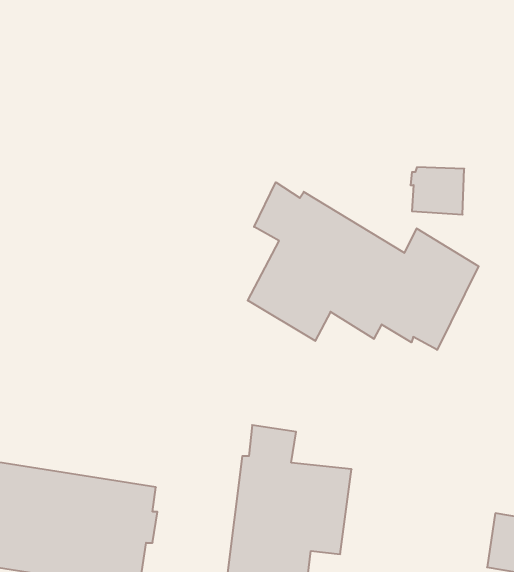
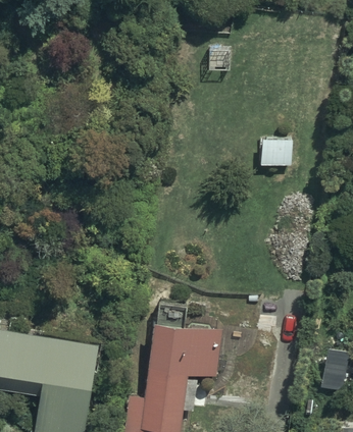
building: [248,182,479,350] -> none

